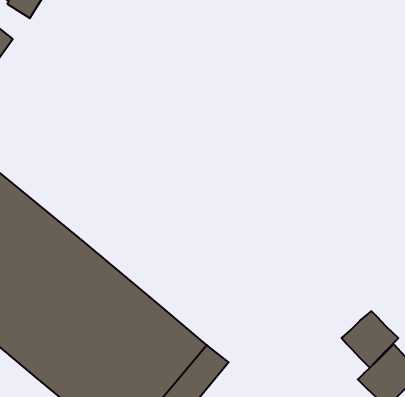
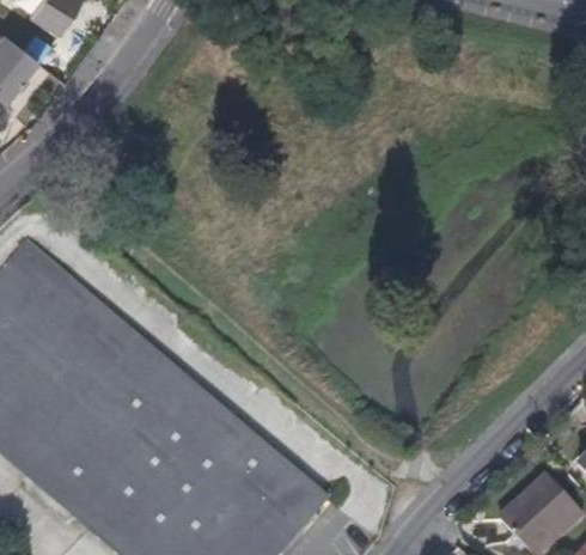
building: [342,311,398,368] -> none

